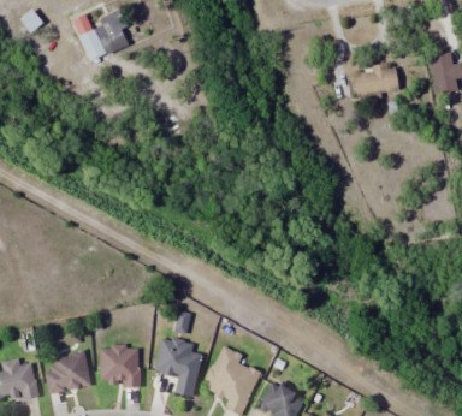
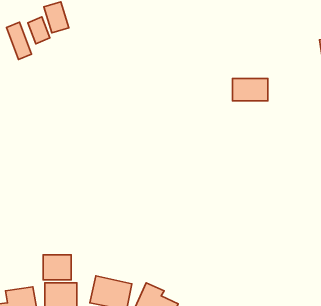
building: none -> [6,22,32,59]
building: [356,67,398,94] -> [233,79,268,101]
building: none -> [43,255,71,280]

